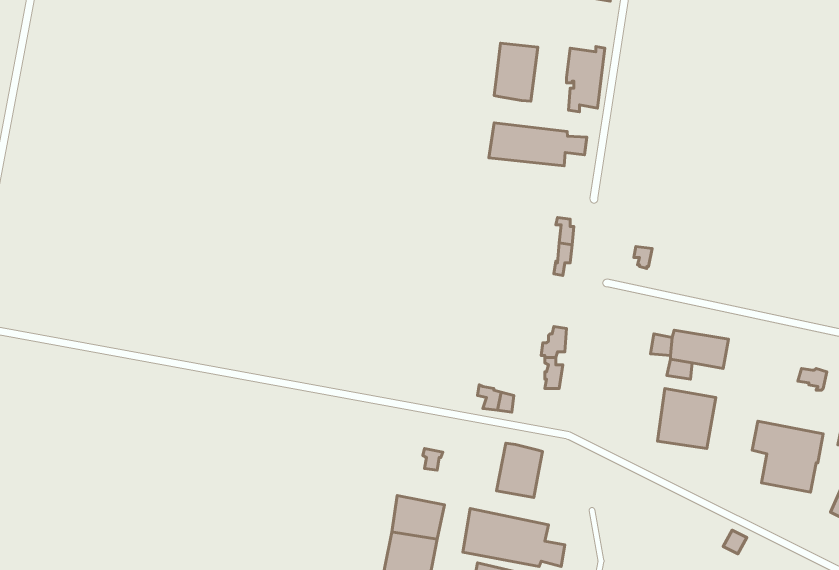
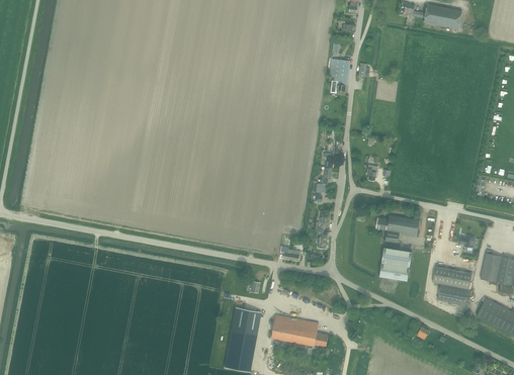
building: [494,43,538,101] -> none
building: [489,123,587,166] -> none
building: [497,443,542,497] -> none

